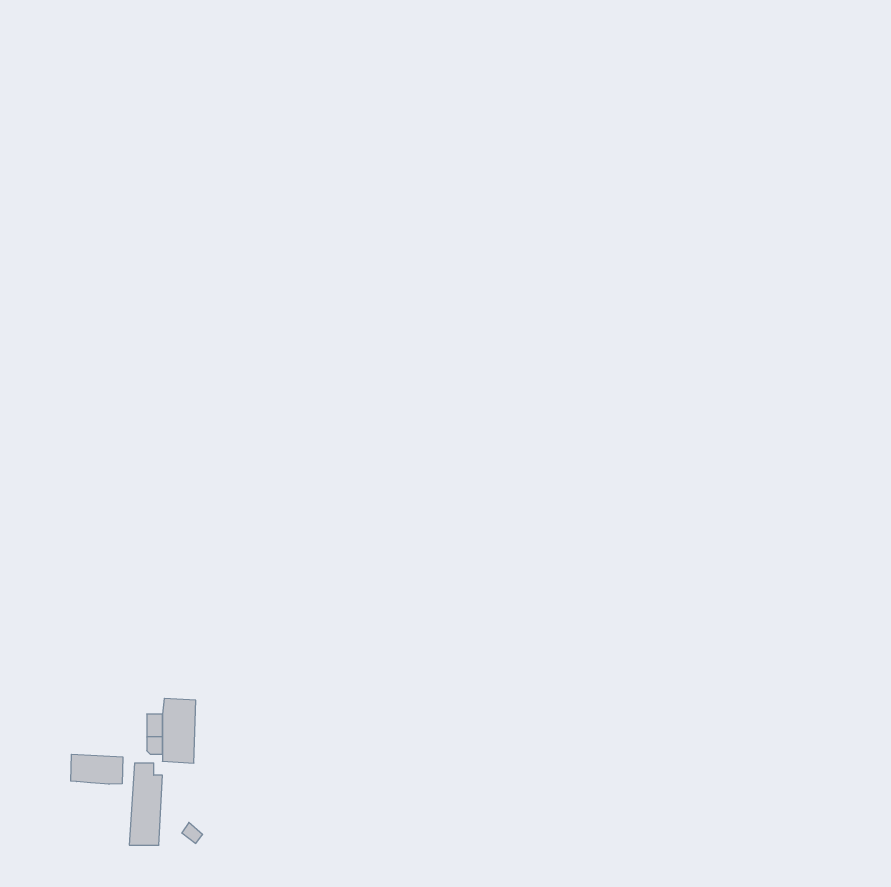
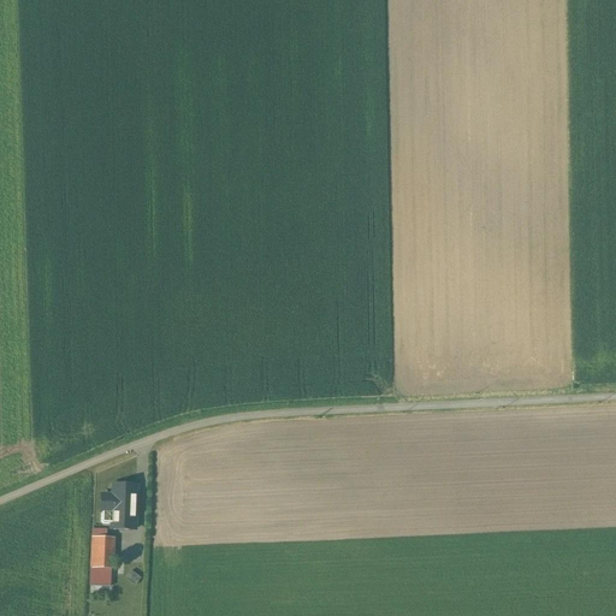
building: [71,754,123,784] -> none

